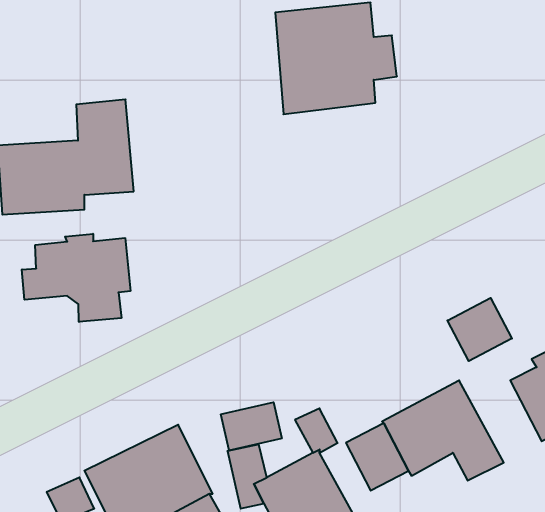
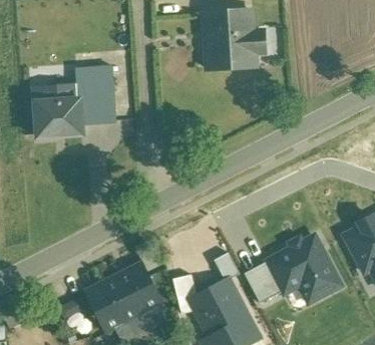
building: [22,234,130,322] -> none
building: [447,298,512,361] -> none
building: [221,402,282,450] -> none

